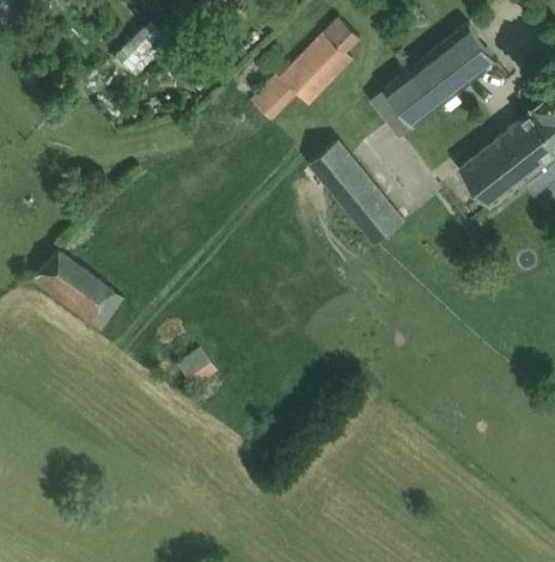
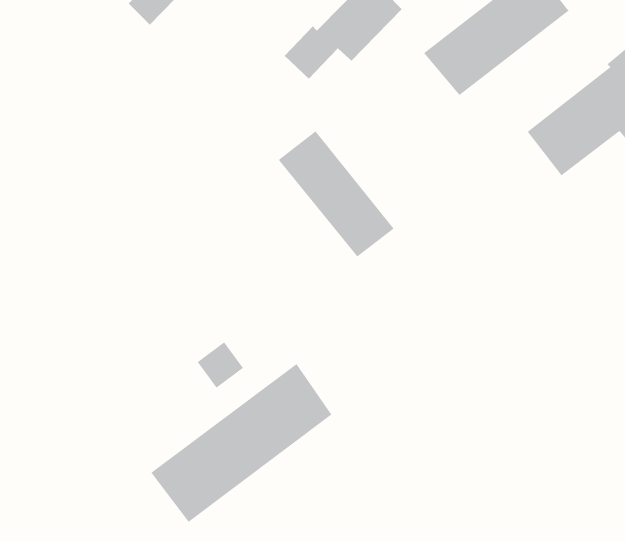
building: [309,138,409,248] -> [279,131,394,258]
building: [30,249,121,332] -> none
building: none -> [151,363,332,523]

